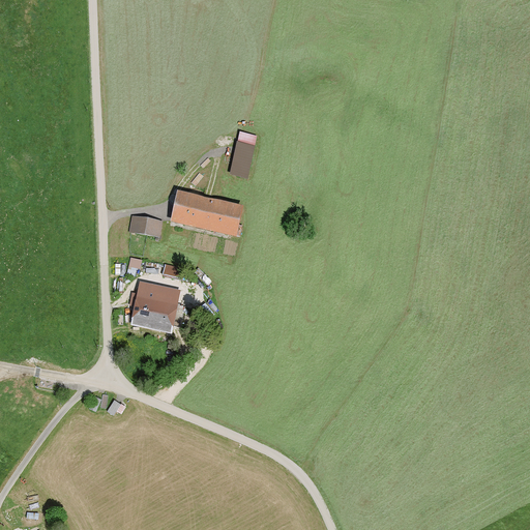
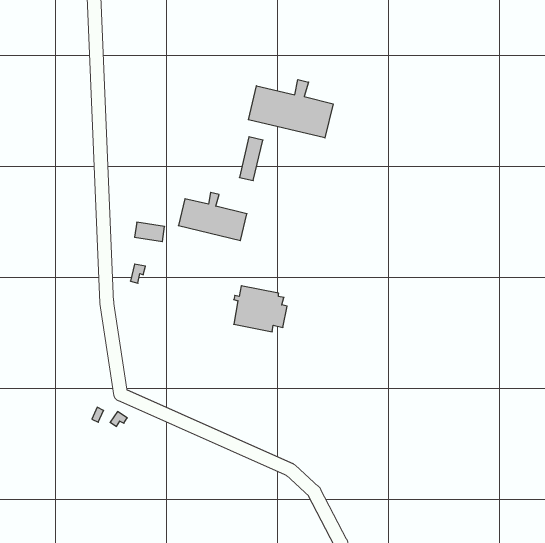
building: none -> [248,80,333,138]
building: [132,285,184,329] -> [234,286,287,332]

